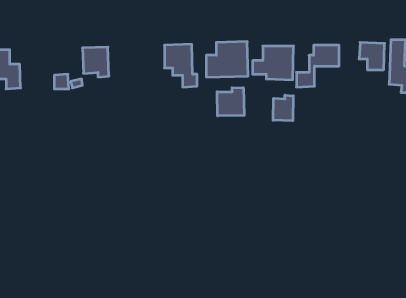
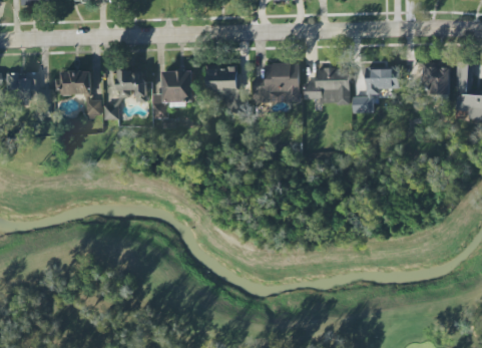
building: none -> [55,70,90,94]
building: none -> [152,70,191,118]
building: [217,88,244,116] -> none
building: [273,95,293,121] -> none

